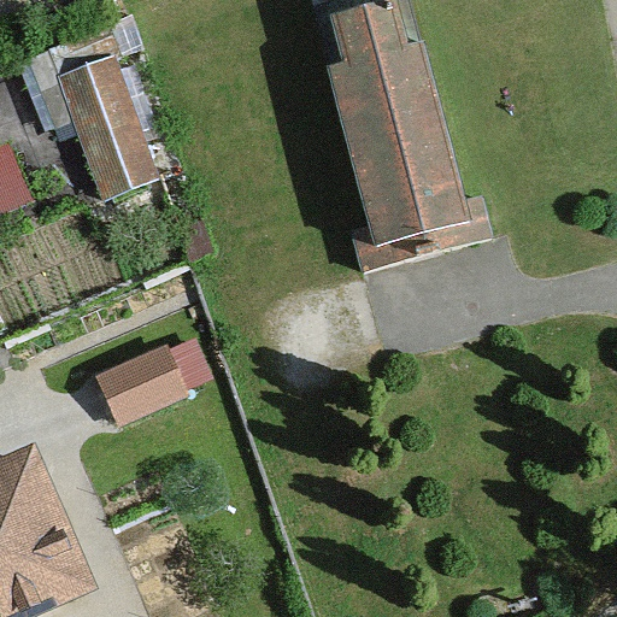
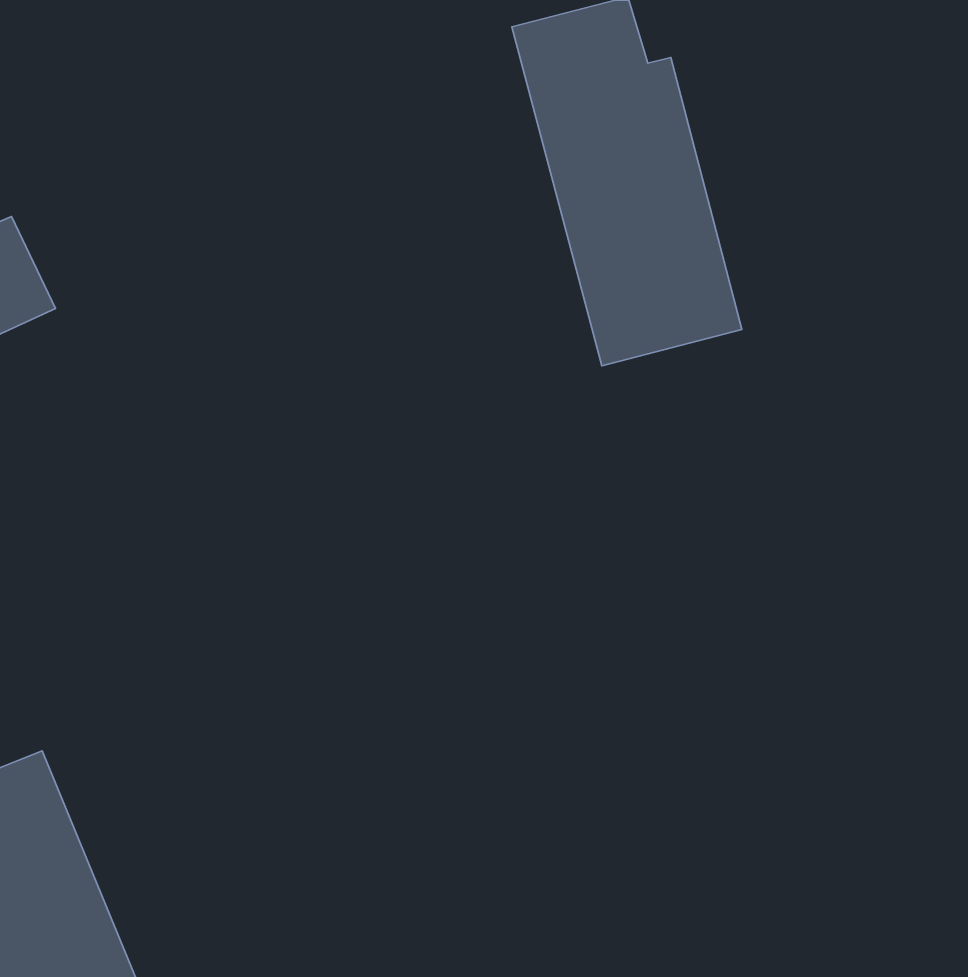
building: [48,69,151,206] -> none
building: [94,328,213,421] -> none

